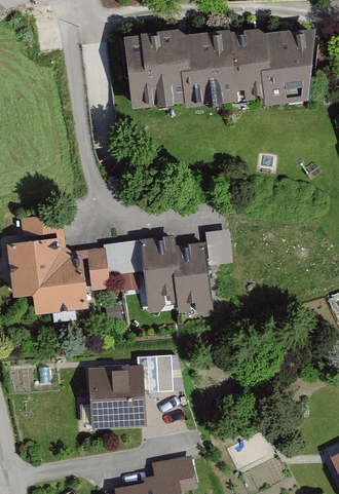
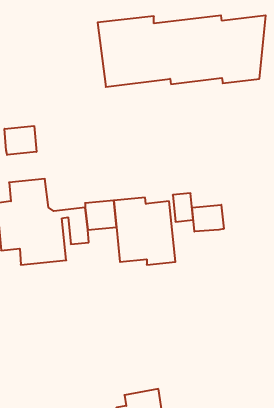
building: none -> [5,126,36,155]
building: none -> [192,205,224,232]
building: [90,356,172,429] -> none

